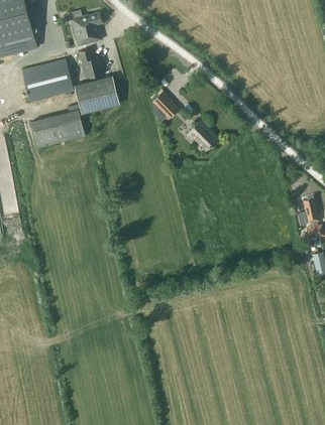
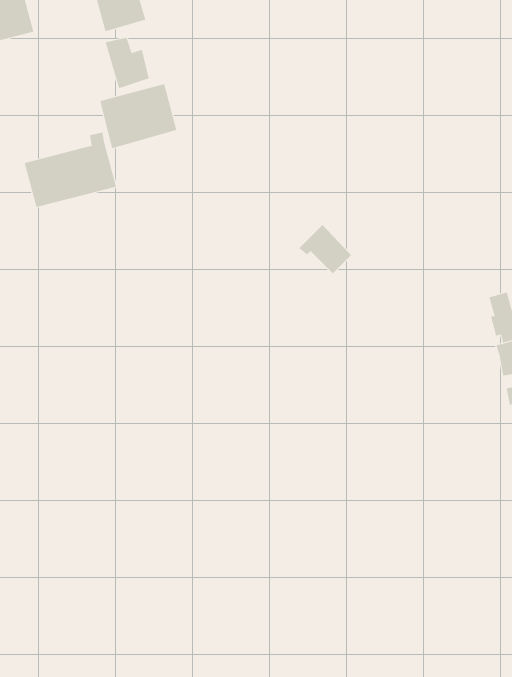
building: [21,58,73,101] -> none
building: [151,91,178,122] -> none
building: [186,121,217,150] -> [298,224,352,274]

